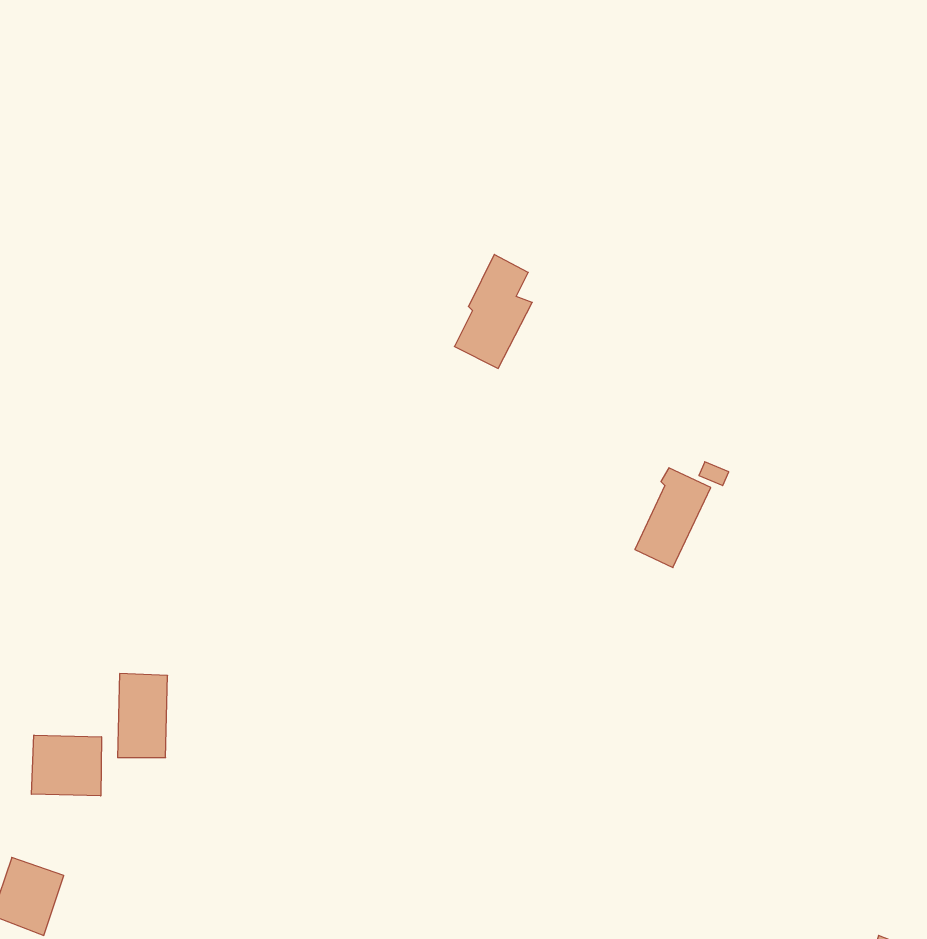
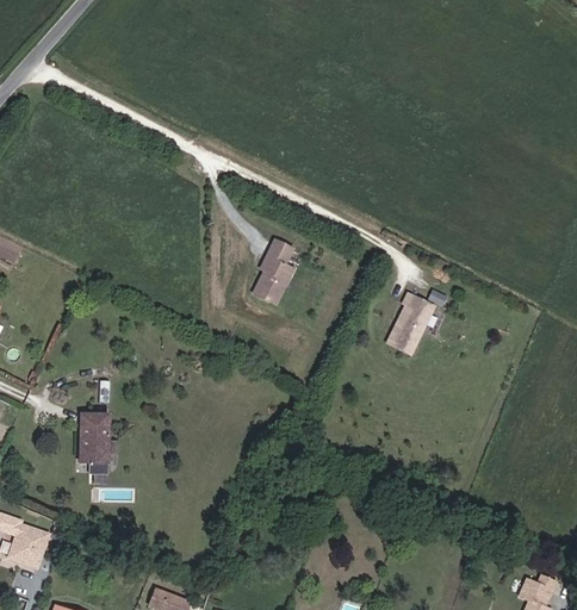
building: [454,254,532,368] -> [249,238,296,306]
building: [31,735,101,796] -> none

